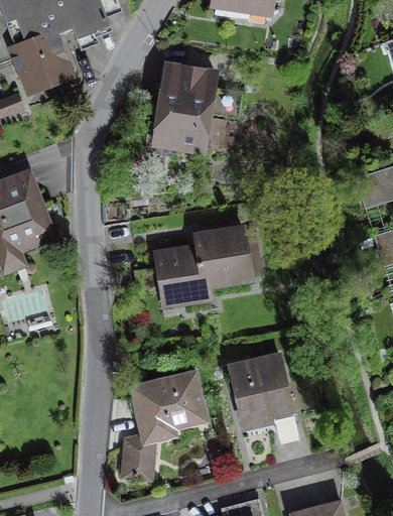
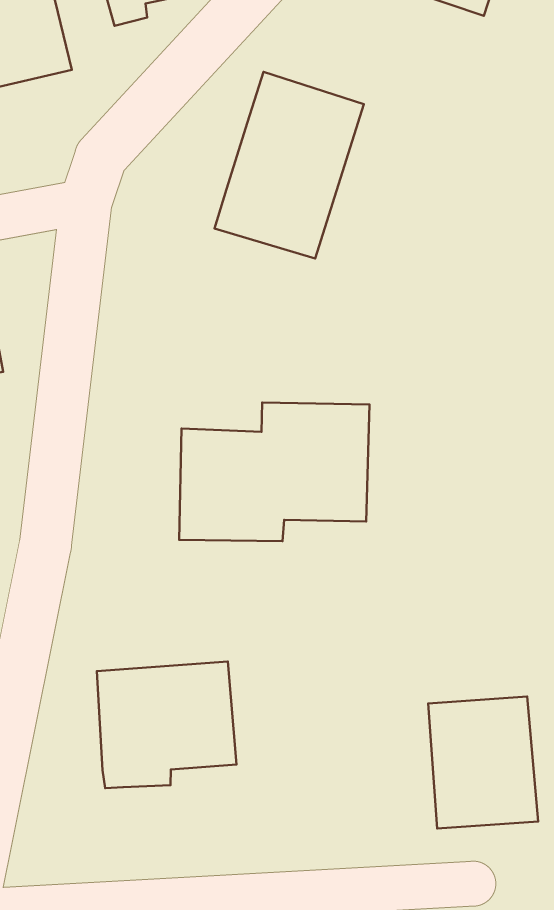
building: [229,351,295,426] -> [428,696,538,828]
building: [118,434,153,481] -> none

